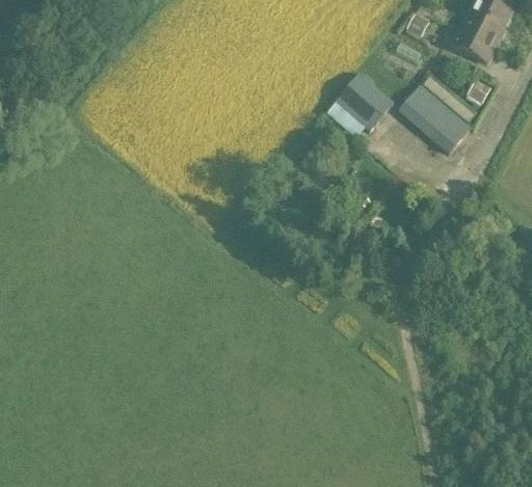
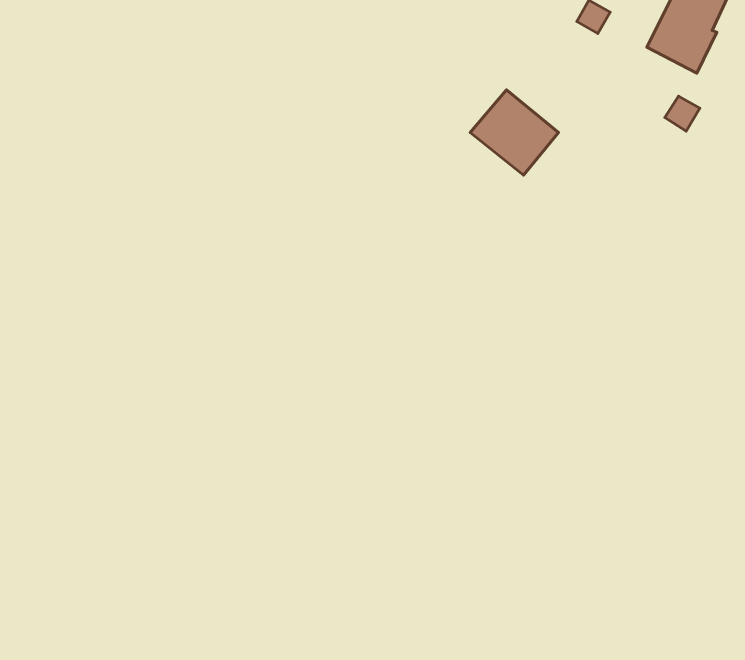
building: [399,85,471,154] -> none

